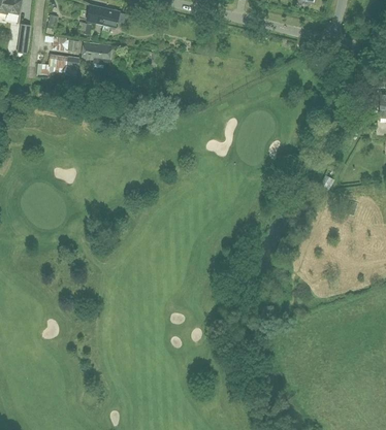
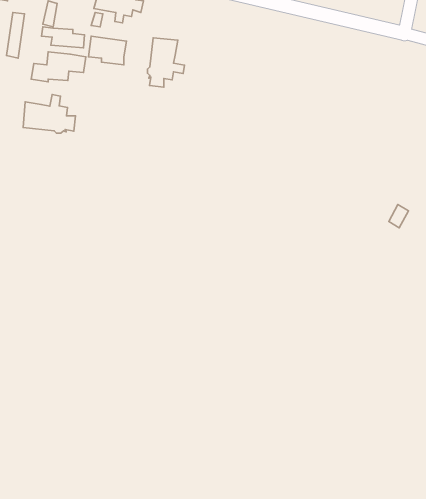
building: none -> [147,38,185,87]
building: none -> [23,94,76,133]

